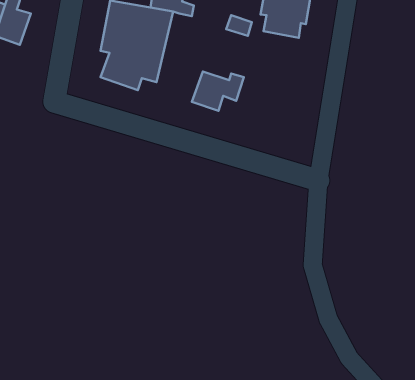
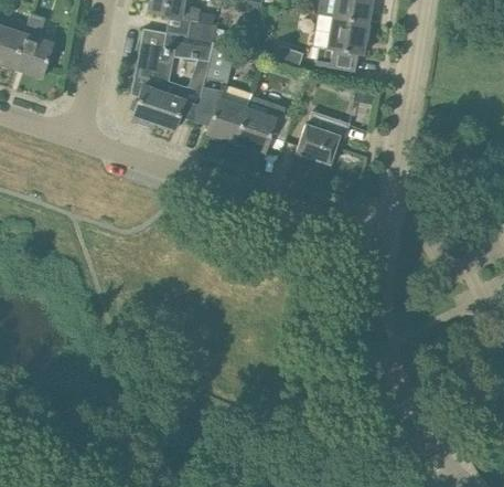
building: none -> [195,76,253,141]
building: none -> [293,109,350,166]

